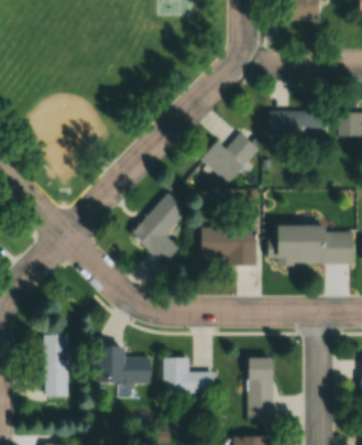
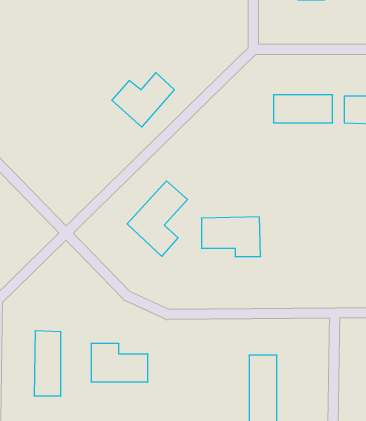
building: [199,132,259,184] -> [112,72,174,127]
building: [274,227,352,263] -> none
building: [163,358,215,393] -> none

